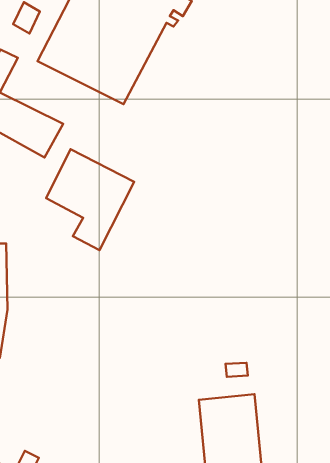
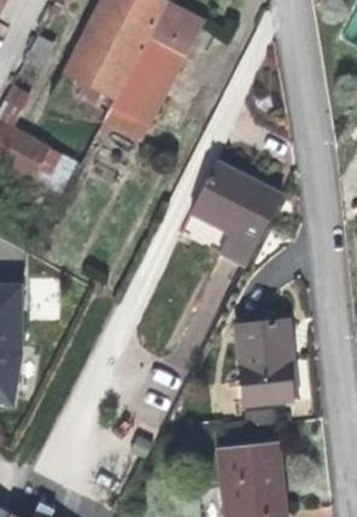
building: [46,149,134,250] -> [191,161,282,266]
building: none -> [236,319,292,403]

